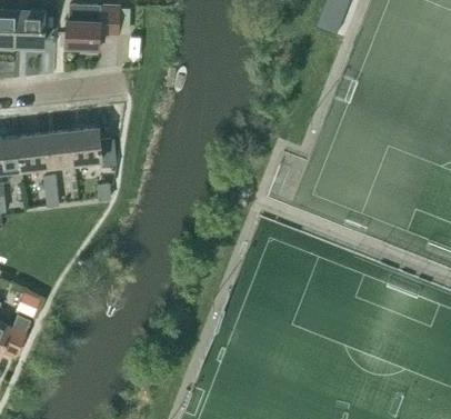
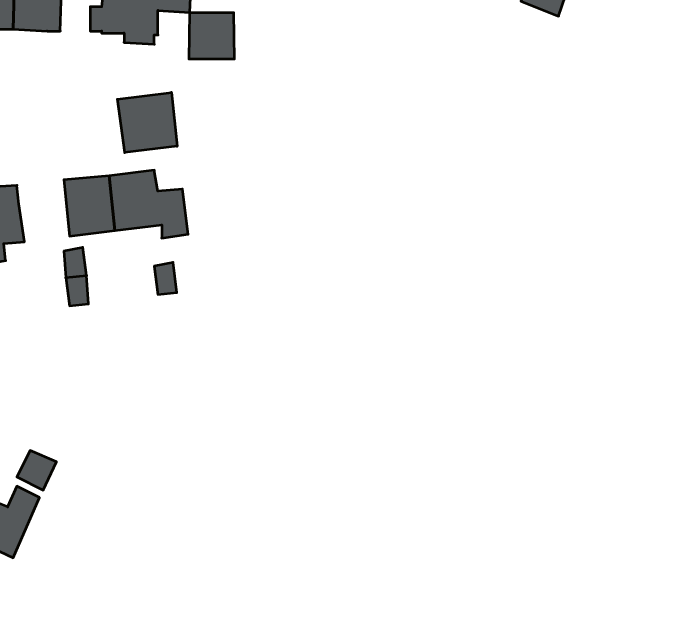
building: none -> [189,12,234,59]
building: none -> [117,92,177,153]
building: [17,132,48,169] -> none

